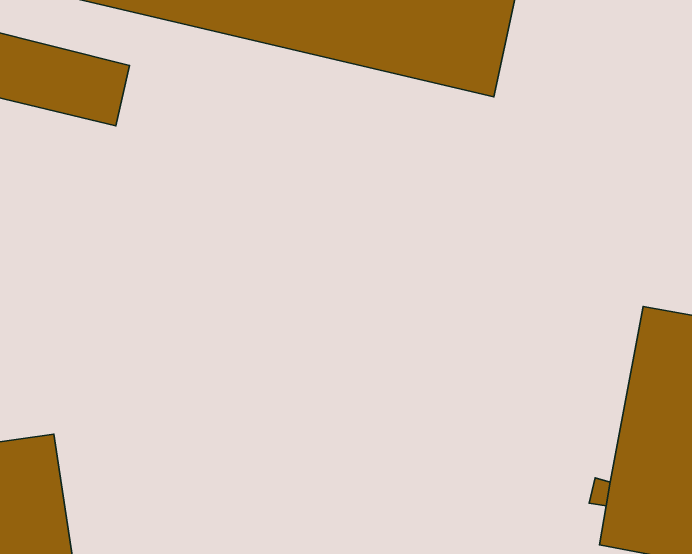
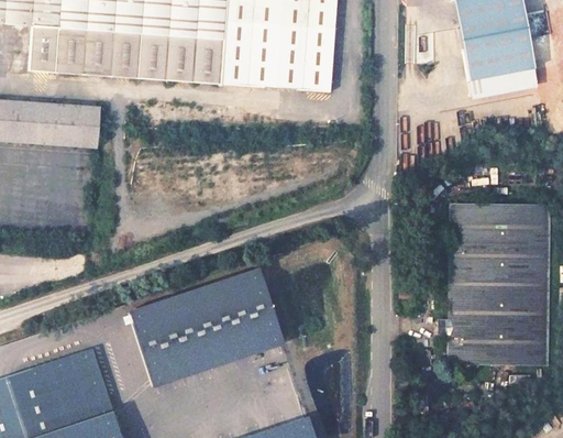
building: none -> [130,270,284,386]

